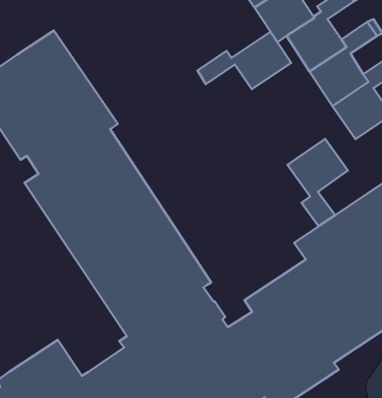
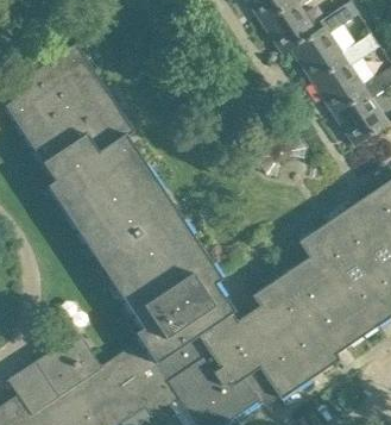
building: [197,32,291,89] -> none
building: [287,139,348,226] -> none

